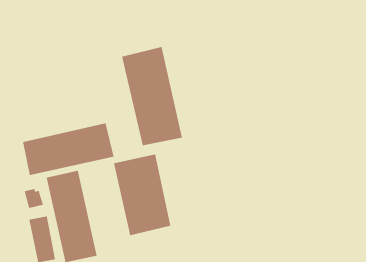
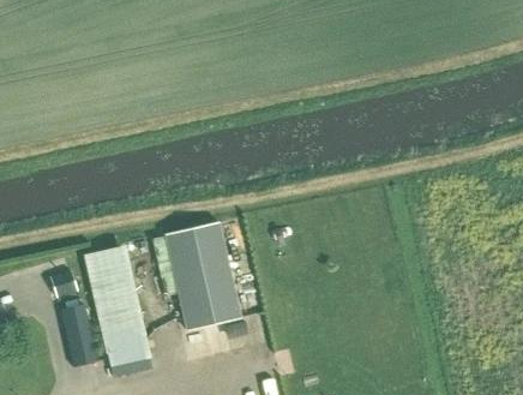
building: [122,46,183,146] -> none
building: [22,122,114,176] -> none

